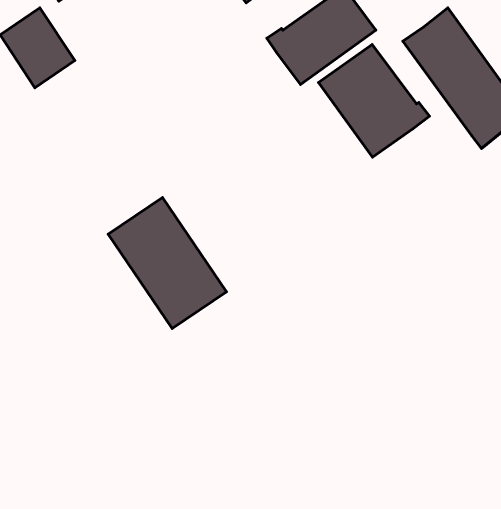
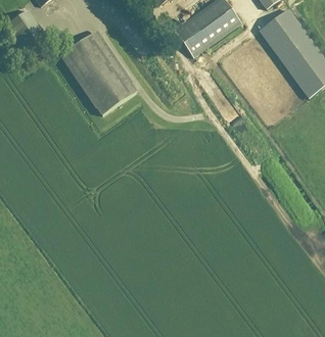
building: [319,44,430,157] -> none
building: [108,197,227,329] -> [59,30,135,113]

